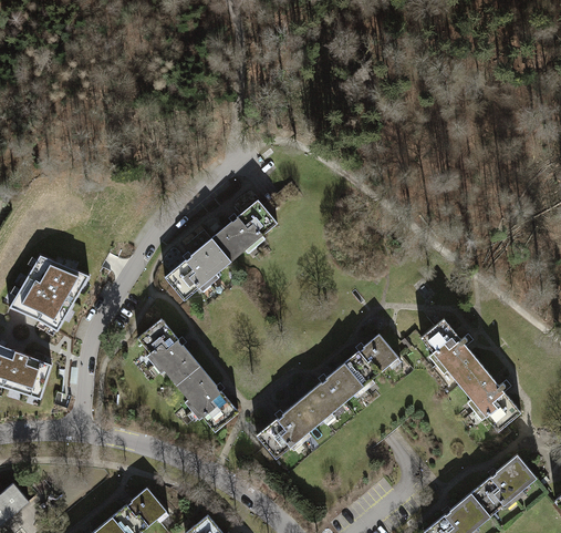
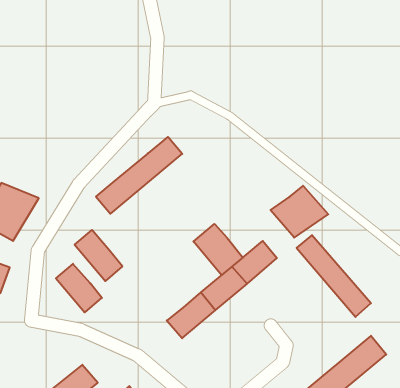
building: none -> [271,186,328,238]
building: none -> [193,224,243,275]
building: [176,365,236,428] -> [56,264,102,312]

